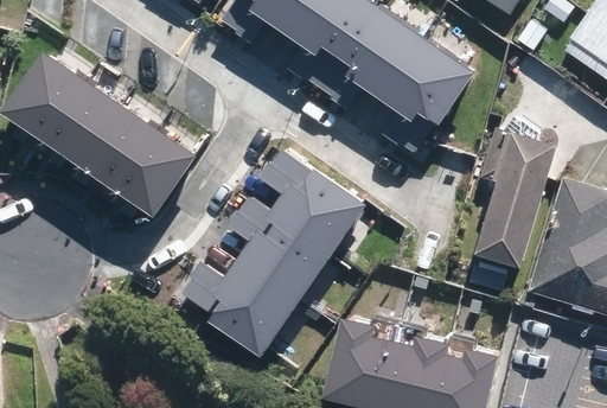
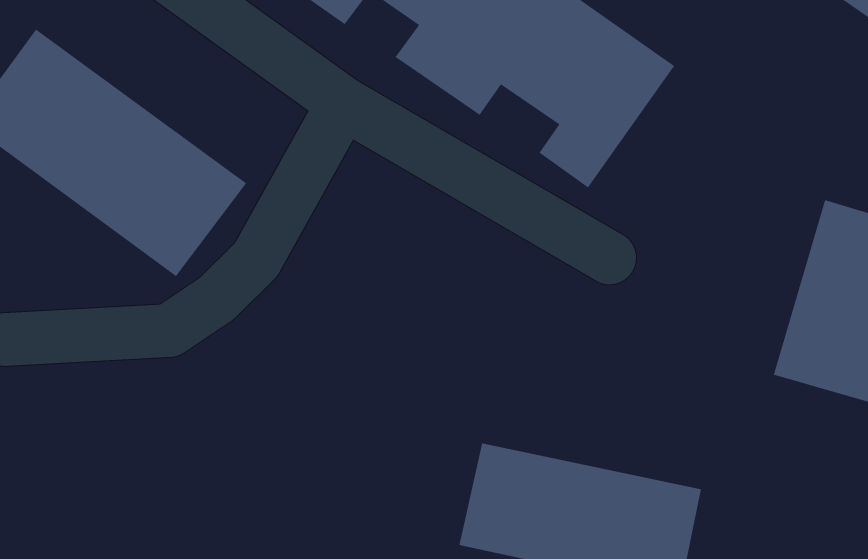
building: [488,116,570,254] -> none
building: [170,147,356,358] -> none

